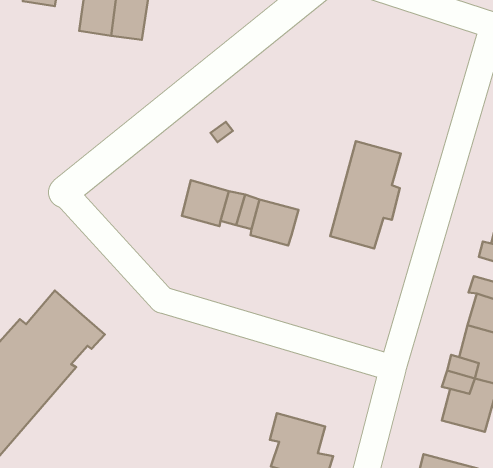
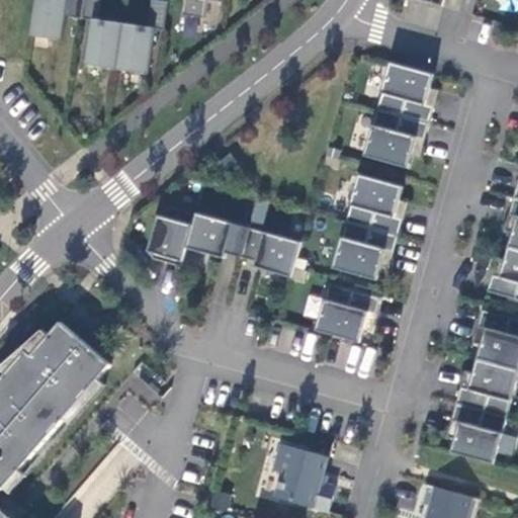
building: none -> [364,62,434,168]
building: none -> [148,205,195,266]
building: none -> [315,283,379,342]

